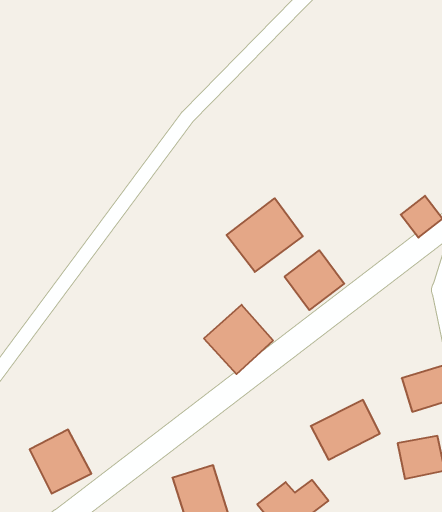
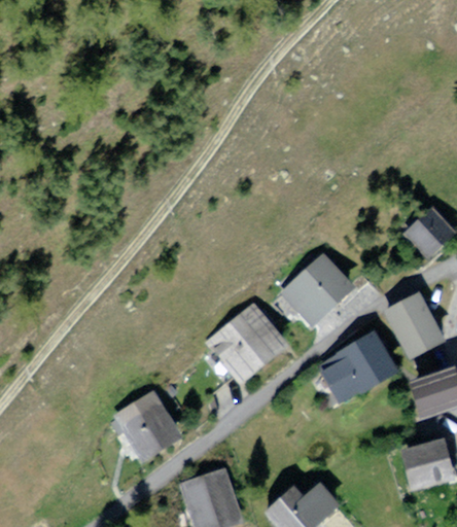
building: [227,198,303,272] -> none
building: none -> [387,291,440,352]
building: [311,400,380,460] -> [324,337,392,395]
building: [30,430,91,494] -> [114,392,175,455]

